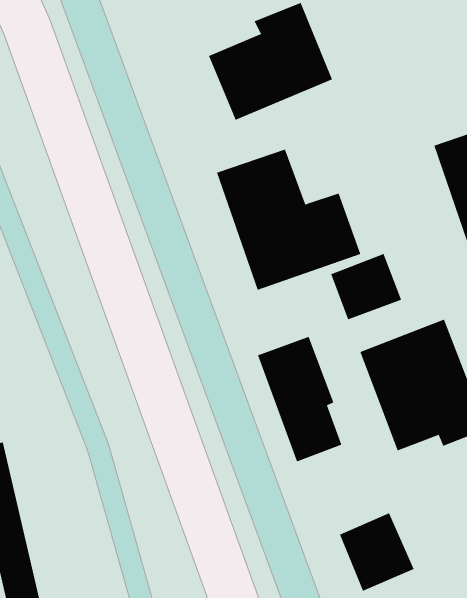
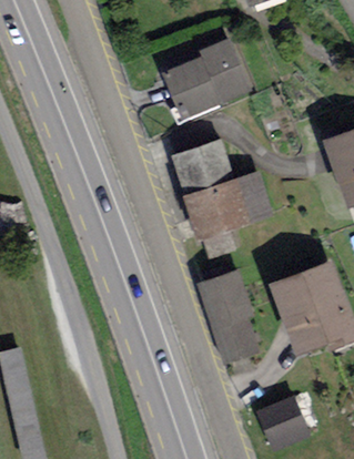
building: [331,253,402,320] -> none

